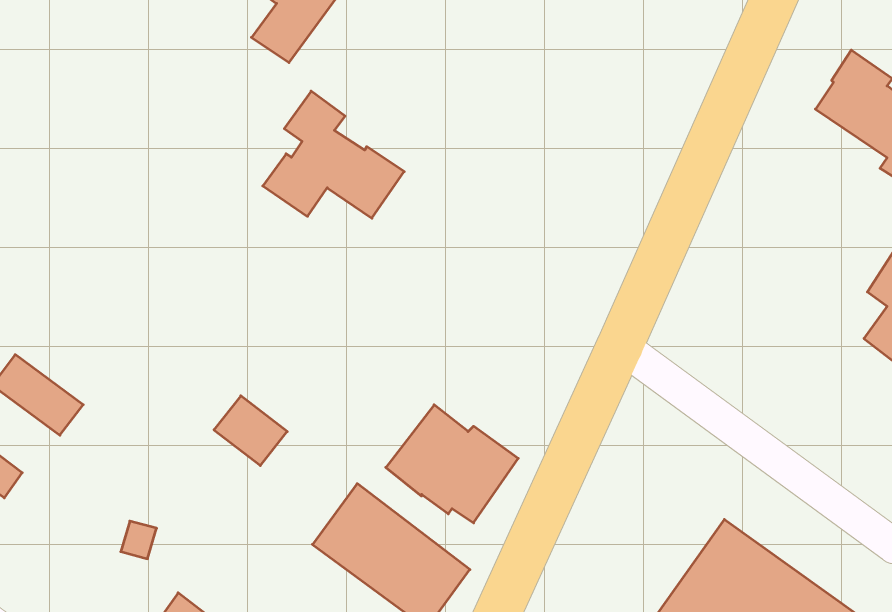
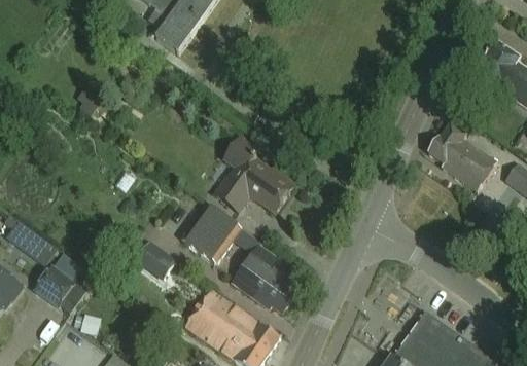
building: [263,91,404,218] -> [211,135,292,208]
building: none -> [430,125,494,191]
building: none -> [181,204,239,262]
building: none -> [33,266,95,314]

